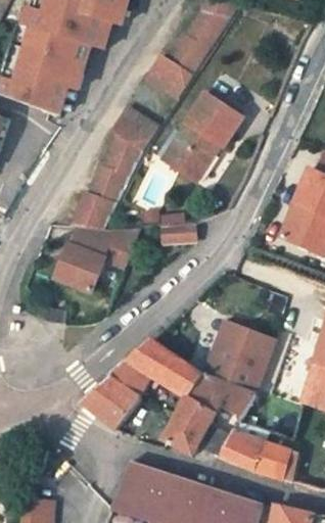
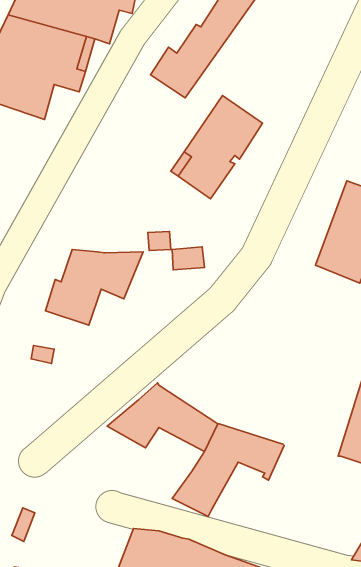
building: [66,107,155,229] -> none
building: [201,321,274,392] -> none
building: [77,377,142,430] -> none
building: [217,429,290,481] -> none

